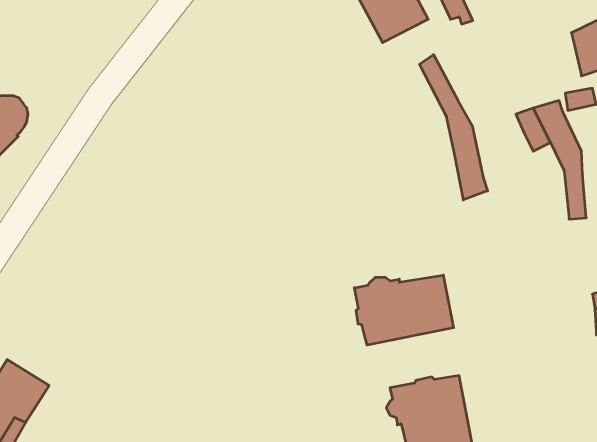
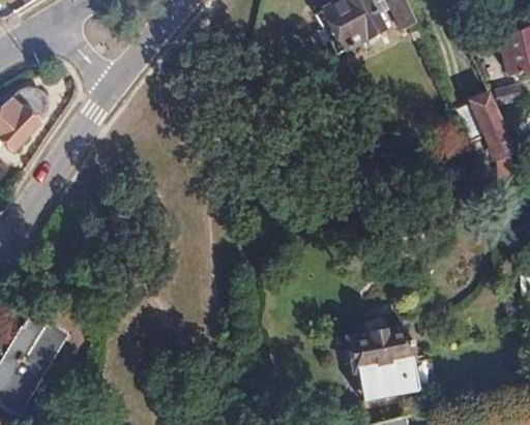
building: [420,55,488,200] -> none
building: [354,275,454,345] -> none

